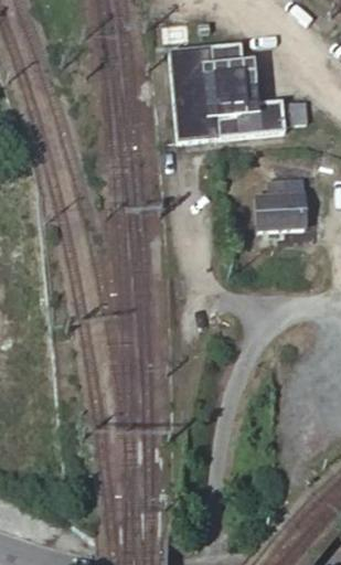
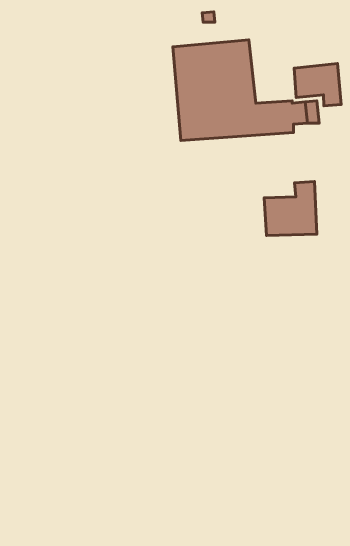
building: none -> [294,64,341,106]

